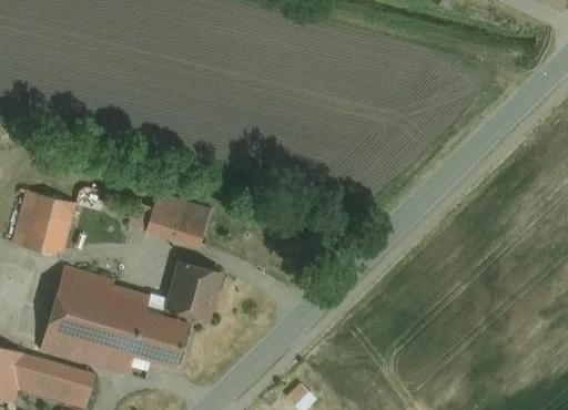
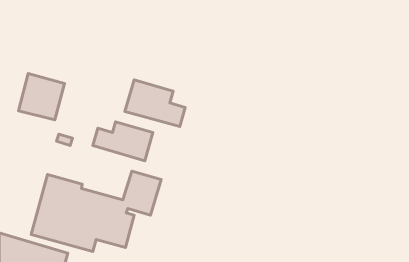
building: none -> [125,80,185,127]
building: [12,192,75,255] -> [18,74,65,120]

